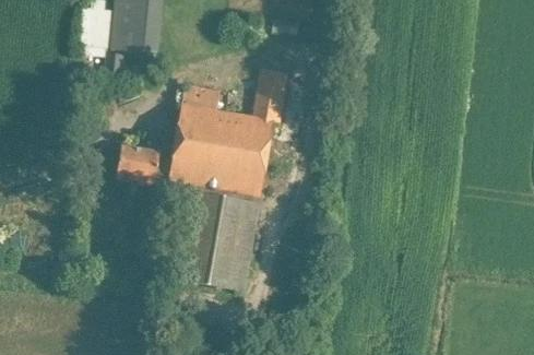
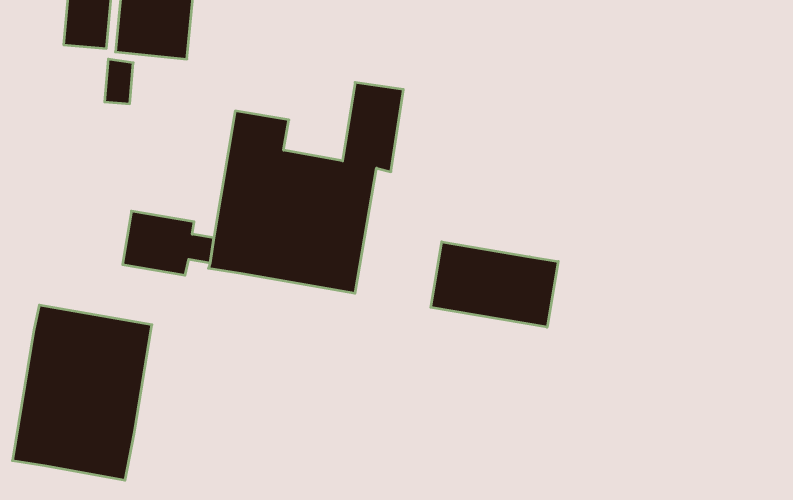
building: none -> [431,242,558,327]
building: [174,184,259,291] -> [12,305,152,480]

